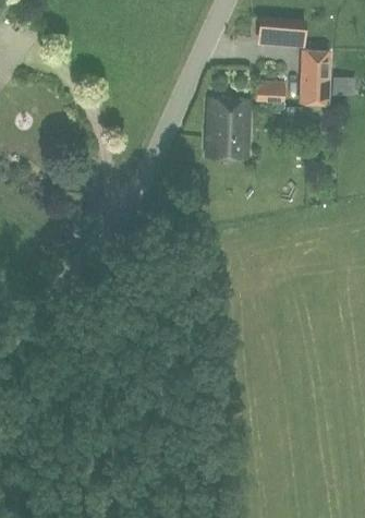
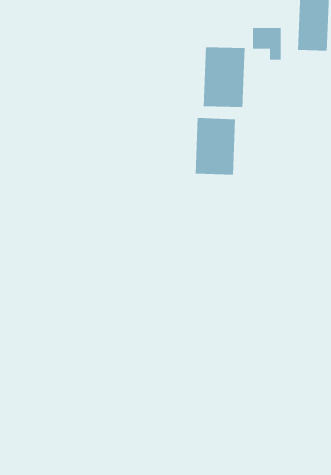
building: none -> [195,117,235,176]

